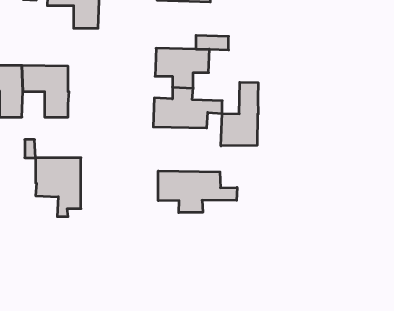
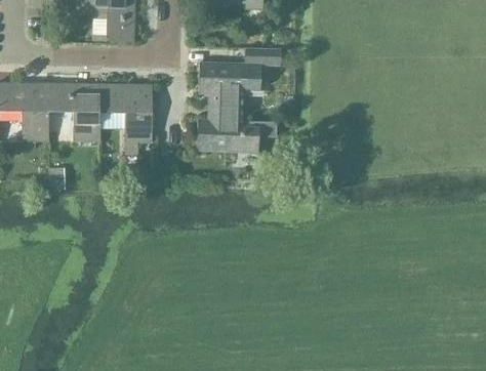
building: [221,82,258,146] -> none
building: [36,158,81,217] -> [100,83,152,150]
building: [158,171,237,213] -> none

